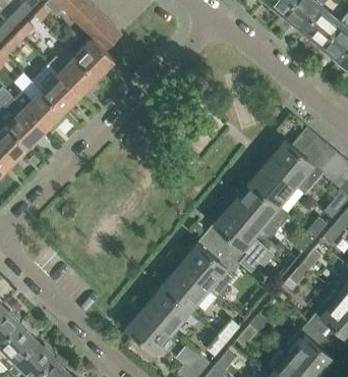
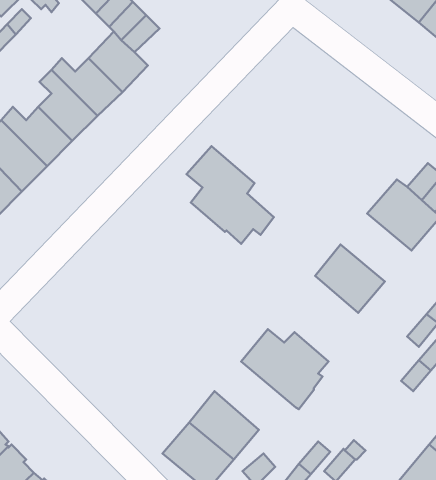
building: [247,163,296,210] -> none
building: [213,206,273,273] -> [186,146,274,244]
building: [161,265,217,312] -> none

